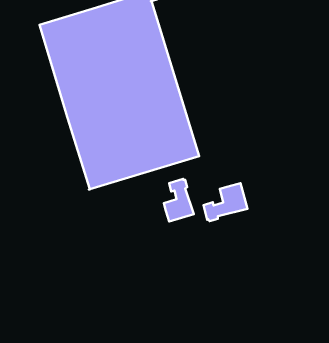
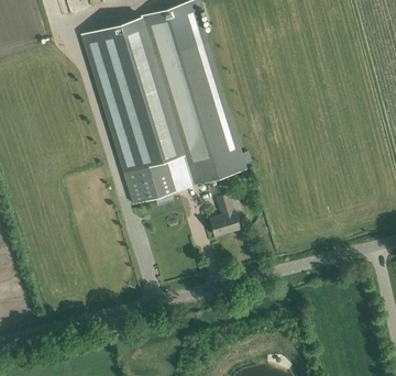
building: [203,183,247,221] -> none

